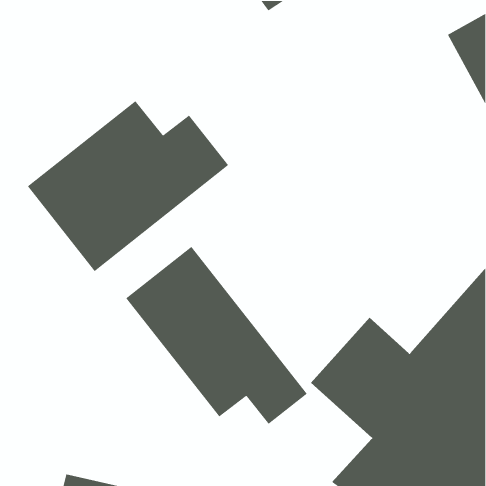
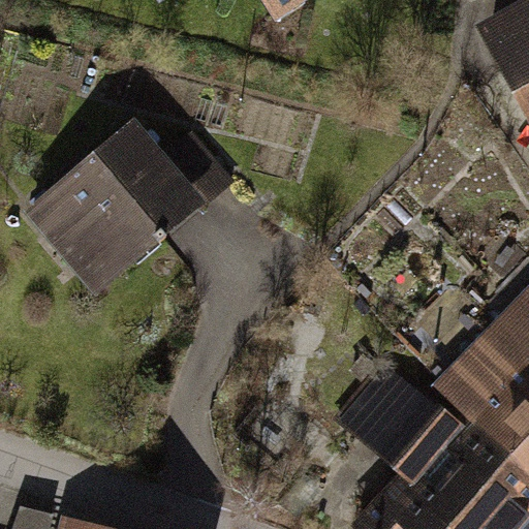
building: [125,246,308,425] -> none

